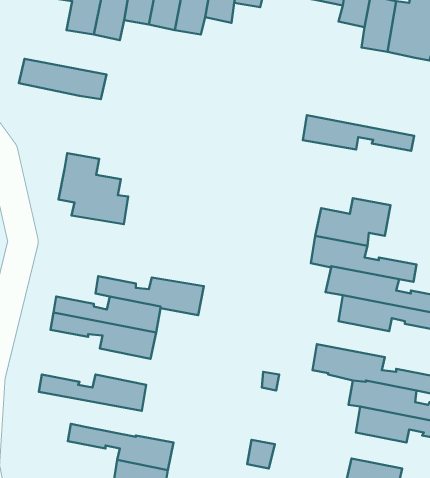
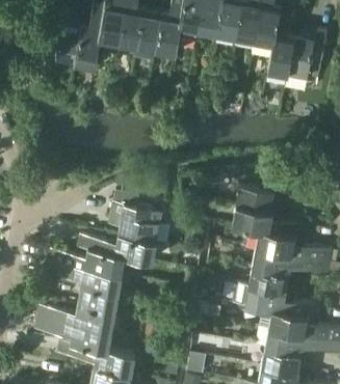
building: [19,59,106,99] -> none
building: [303,115,414,151] -> none
building: [59,153,128,224] -> [110,190,160,241]
building: none -> [250,266,290,292]
building: none -> [79,285,119,311]
building: none -> [35,317,112,349]
building: none -> [263,346,303,372]

